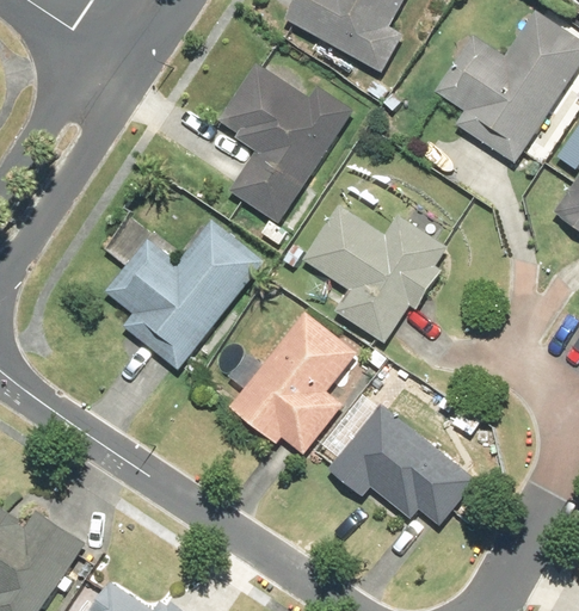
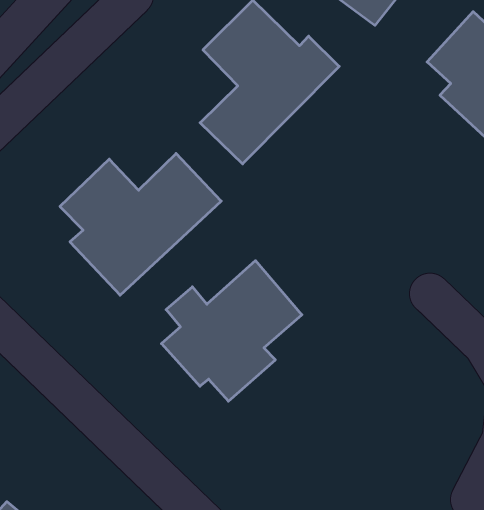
building: [303,206,444,341] -> none
building: [327,406,472,525] -> none

